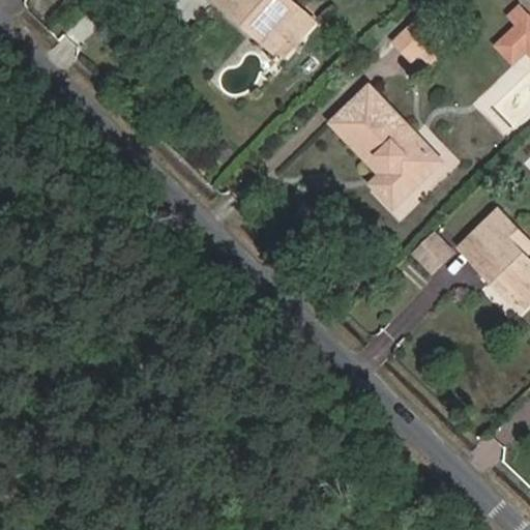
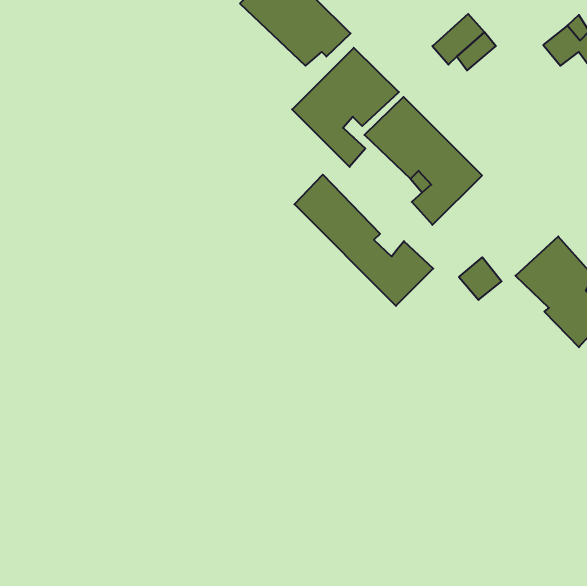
building: none -> [292,48,399,167]
building: none -> [294,175,433,306]

